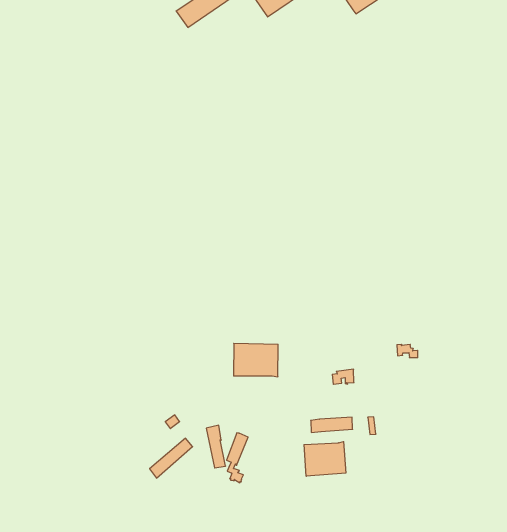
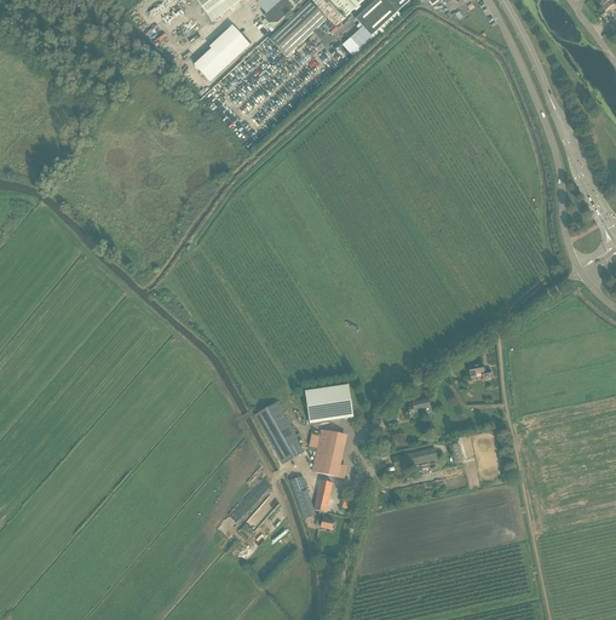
building: none -> [255,400,304,461]
building: none -> [312,427,344,473]
building: [304,442,346,476] -> none

